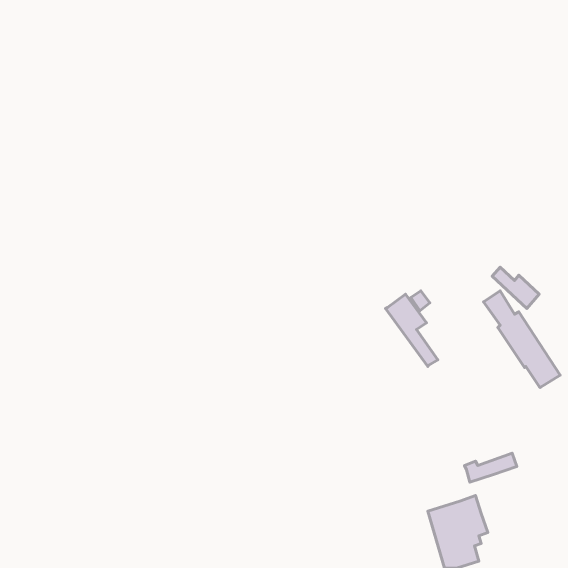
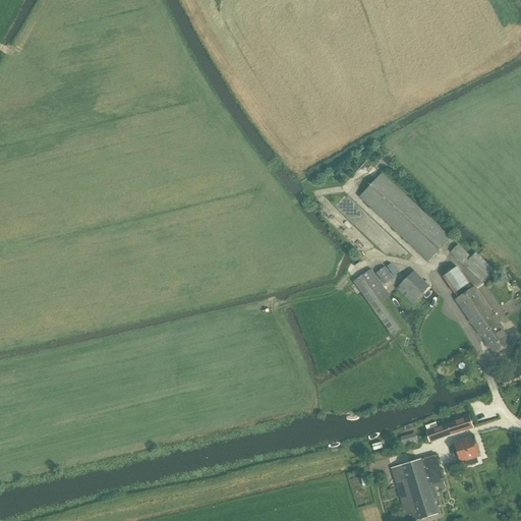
building: none -> [359,173,449,260]
building: none -> [396,270,429,303]
building: none -> [452,435,479,465]

